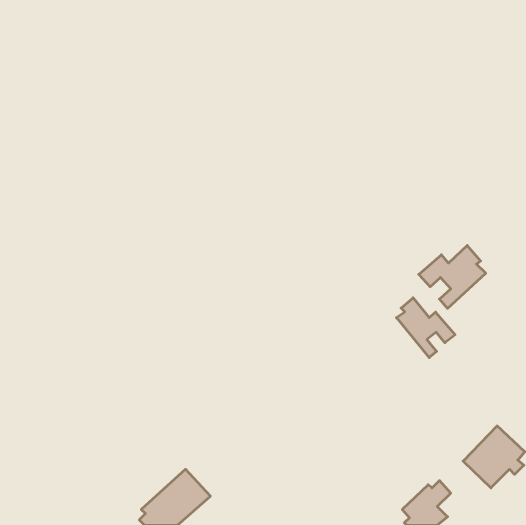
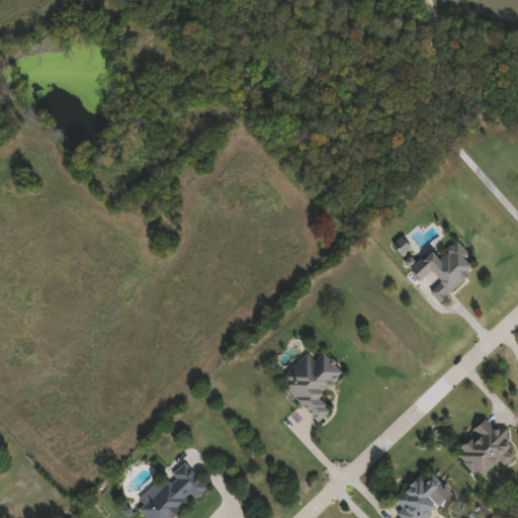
building: [396,298,455,358] -> none
building: none -> [279,352,344,422]

